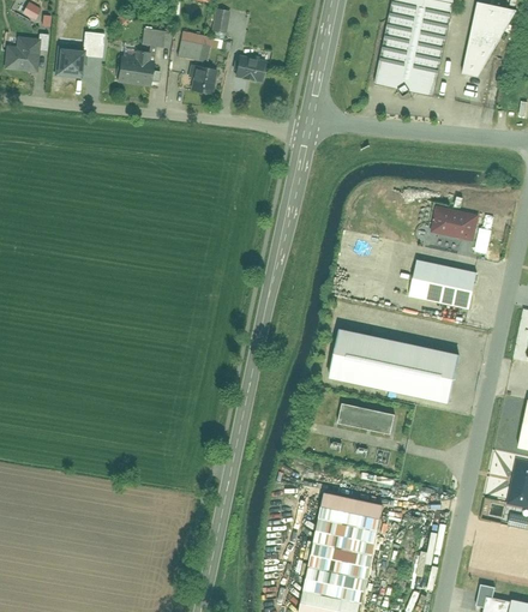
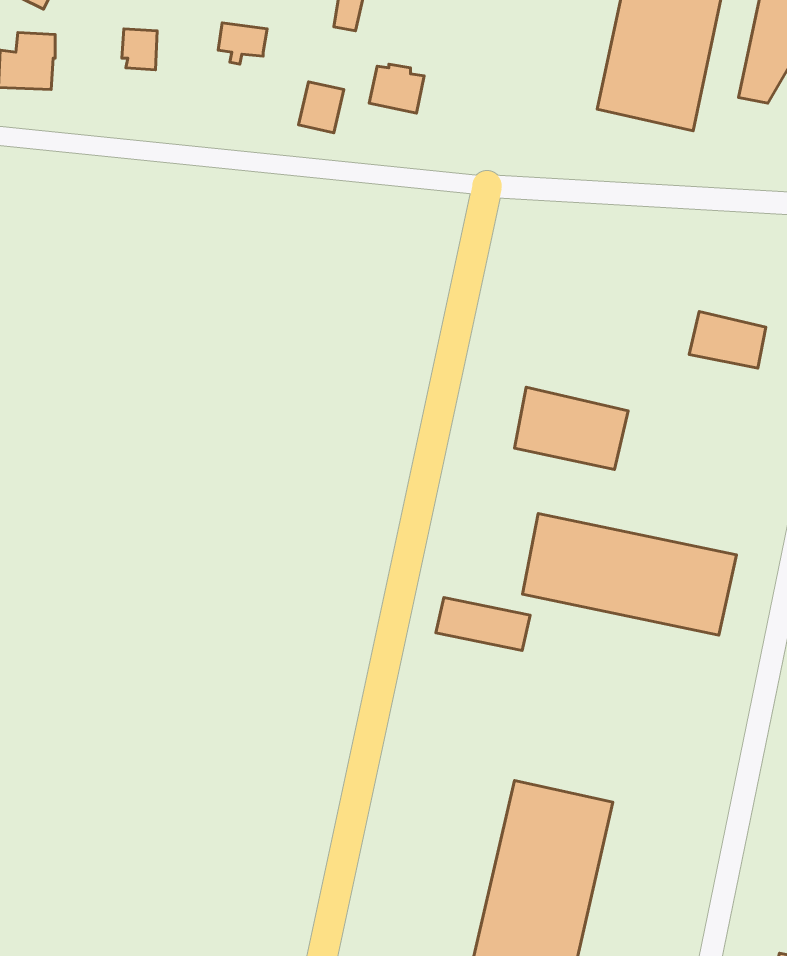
building: [178,31,223,62] -> none
building: [56,48,86,79] -> none
building: [118,49,160,88] -> none
building: [404,258,474,308] -> [514,387,628,470]
building: [336,403,394,436] -> [436,598,530,651]

